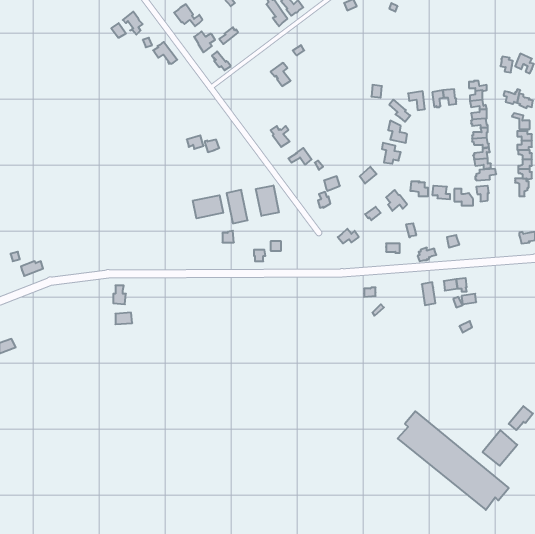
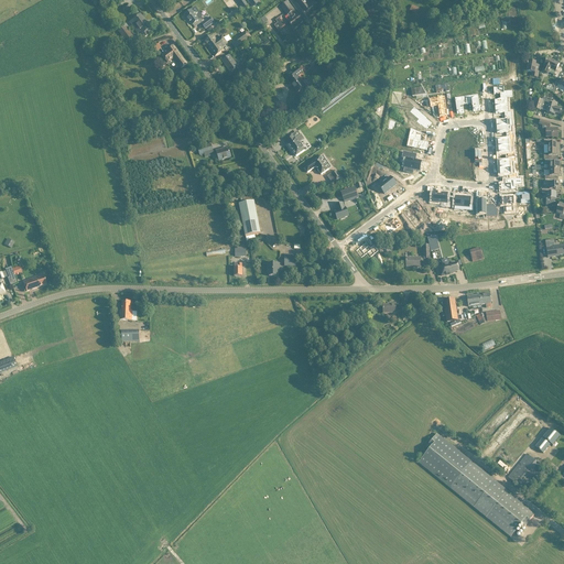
building: [256,185,279,216] -> none
building: [193,195,223,218] -> none

